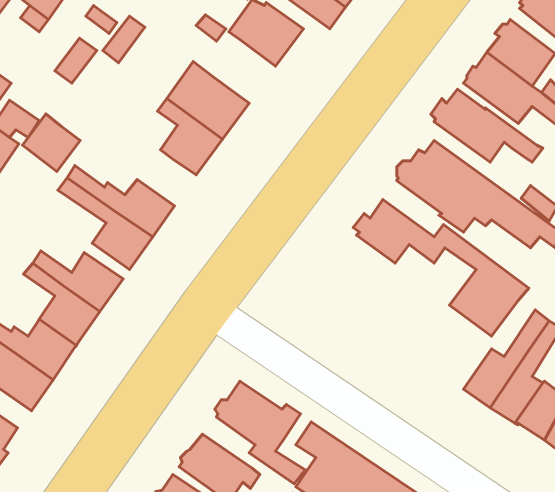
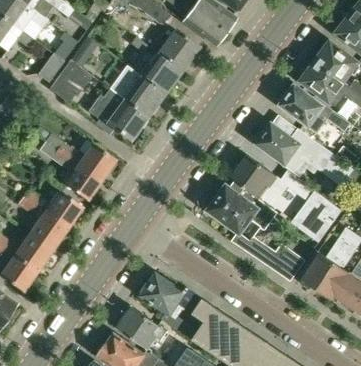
building: none -> [139,53,179,94]
building: [23,114,80,171] -> [53,60,90,97]
building: none -> [208,186,305,281]

